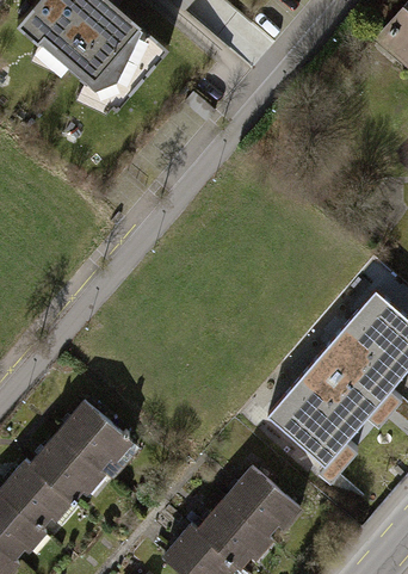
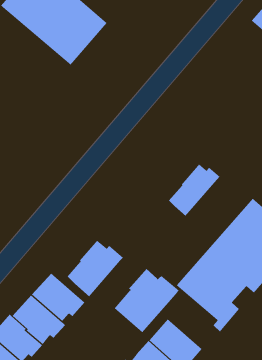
building: none -> [168,163,221,216]
building: none -> [67,240,124,297]
building: none -> [114,268,180,333]

